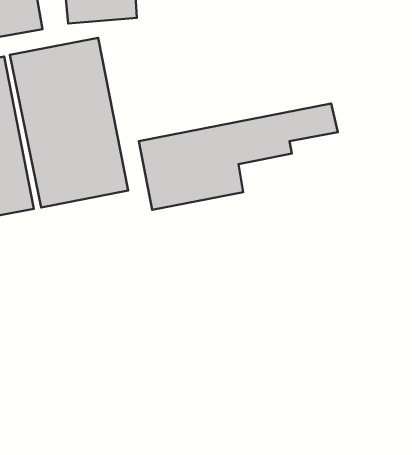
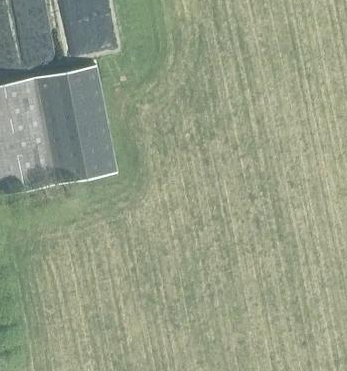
building: [139,104,338,210] -> none

